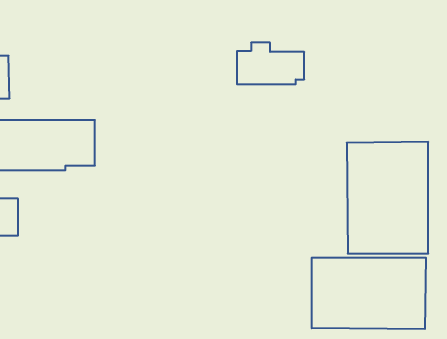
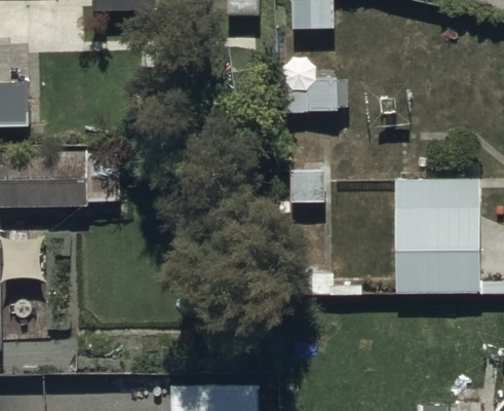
building: [312,258,426,329] -> none

